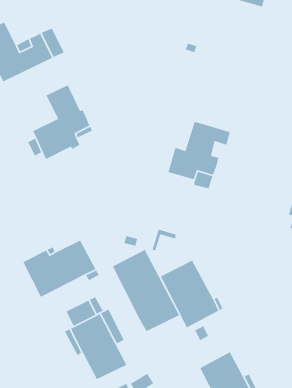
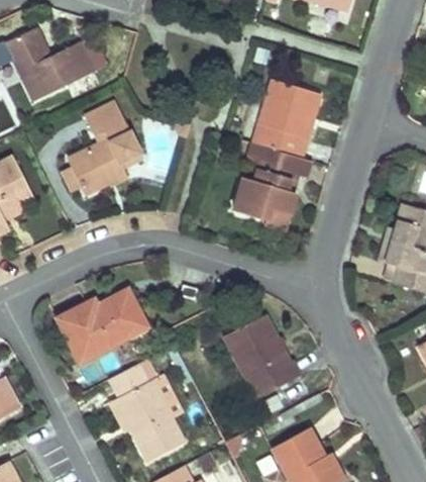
building: none -> [252,80,320,158]
building: [112,249,180,332] -> none

